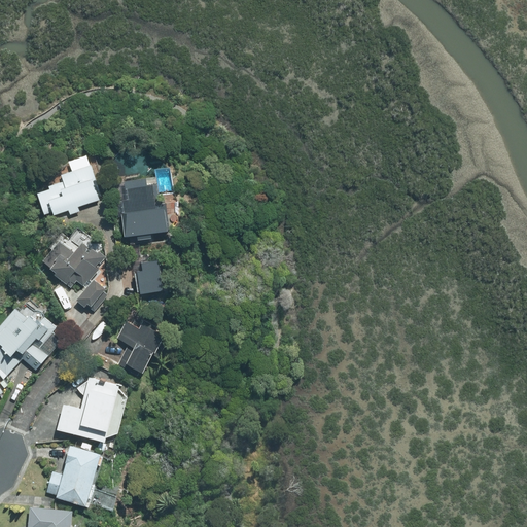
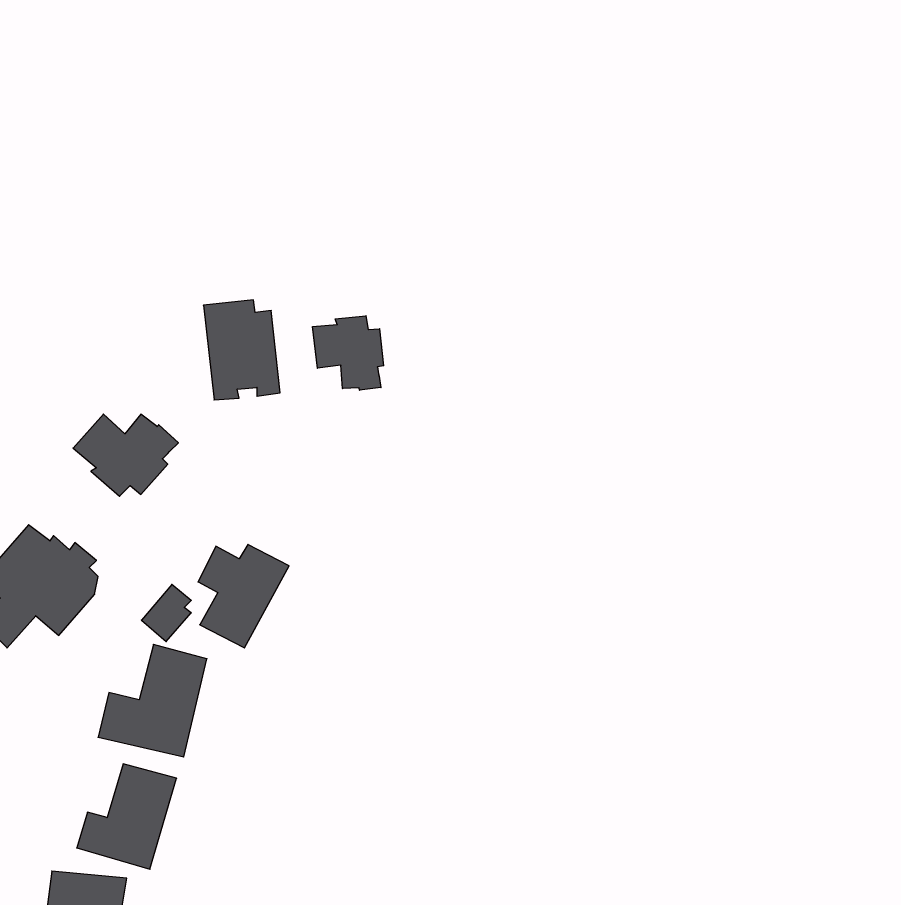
building: [38,166,99,215] -> none
building: none -> [313,316,384,390]
building: [137,259,164,292] -> none
building: [76,281,105,314] -> [141,584,191,642]

